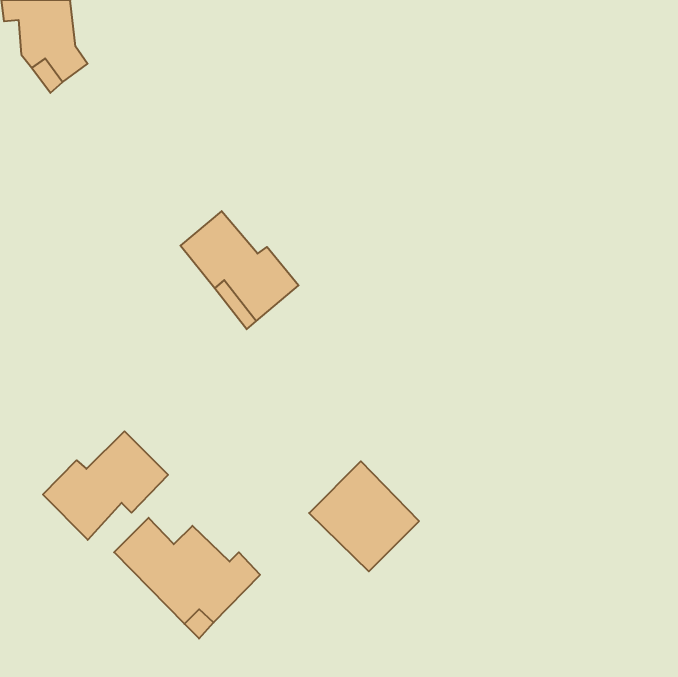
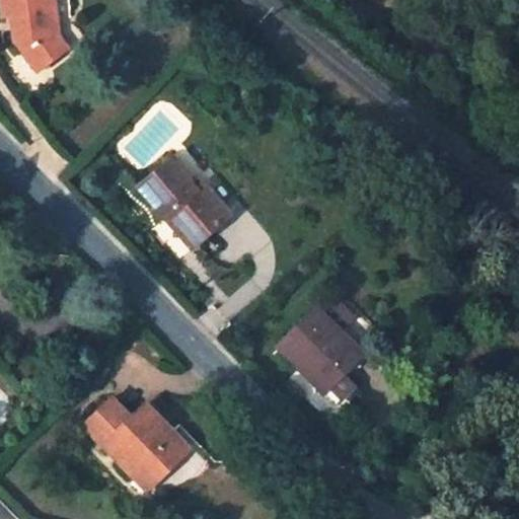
building: [43,431,168,540] -> none
building: [309,461,419,571] -> [279,307,363,391]

